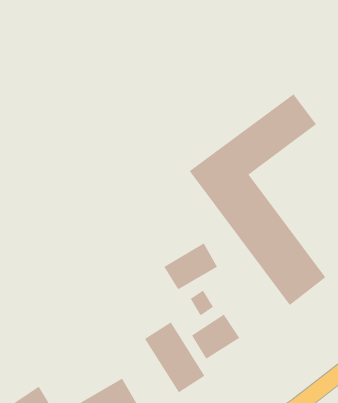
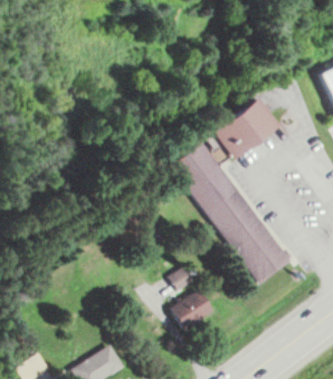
building: [164,243,218,290] -> none
building: [144,322,205,393] -> none

